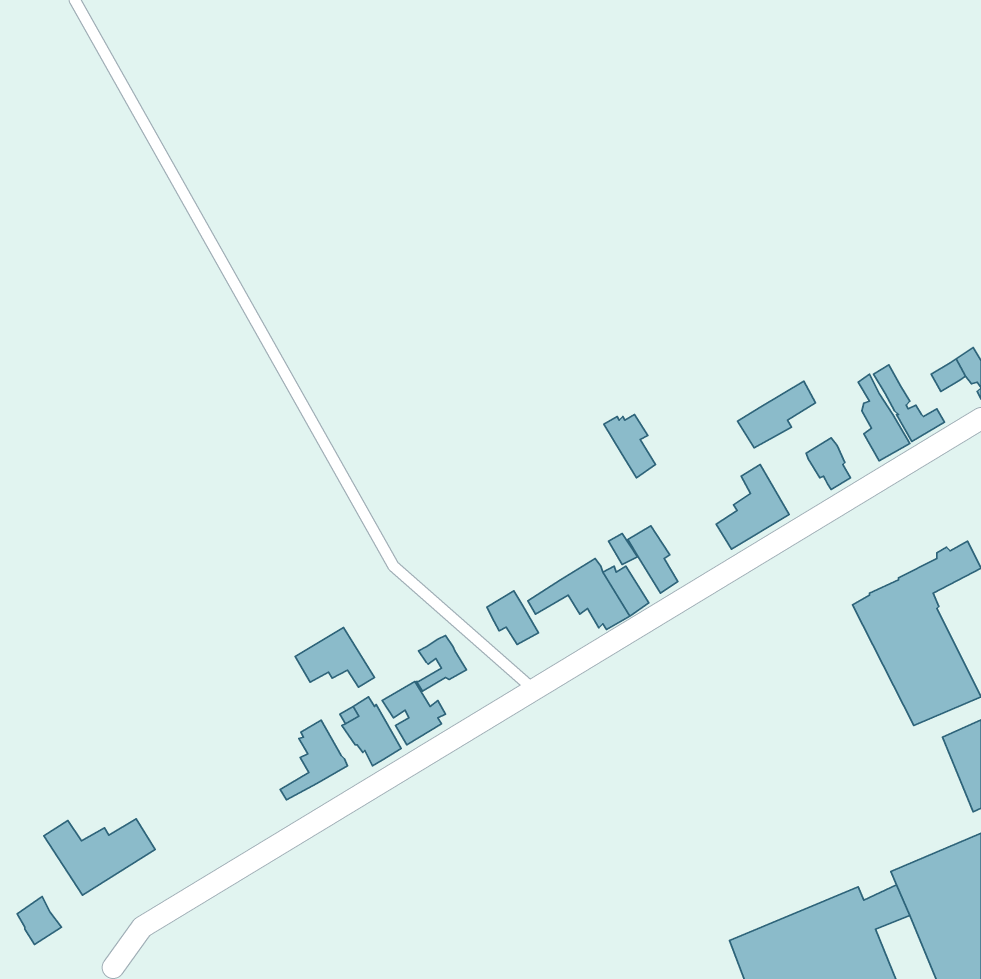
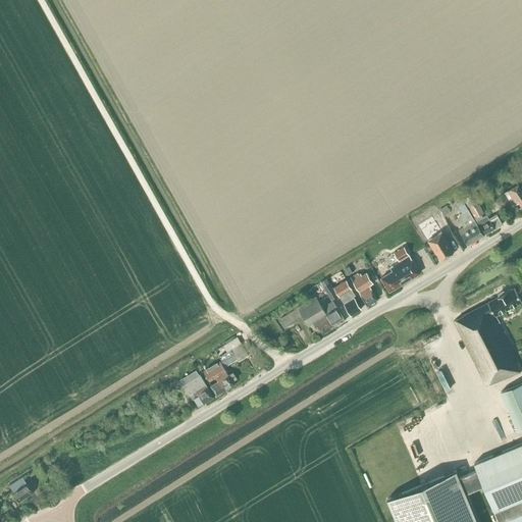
building: [737,381,815,448] -> none
building: [604,415,656,478] -> [350,273,377,307]
building: [487,591,539,645] -> none
building: [295,627,375,687] -> none
building: [280,720,348,800] -> none
building: [44,819,155,895] -> none

